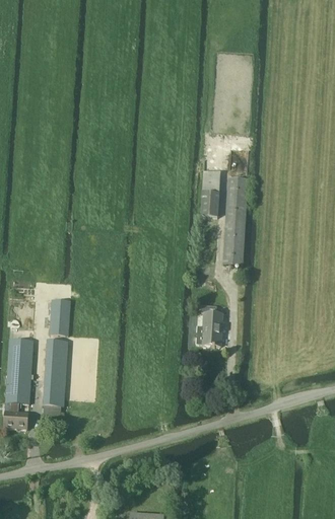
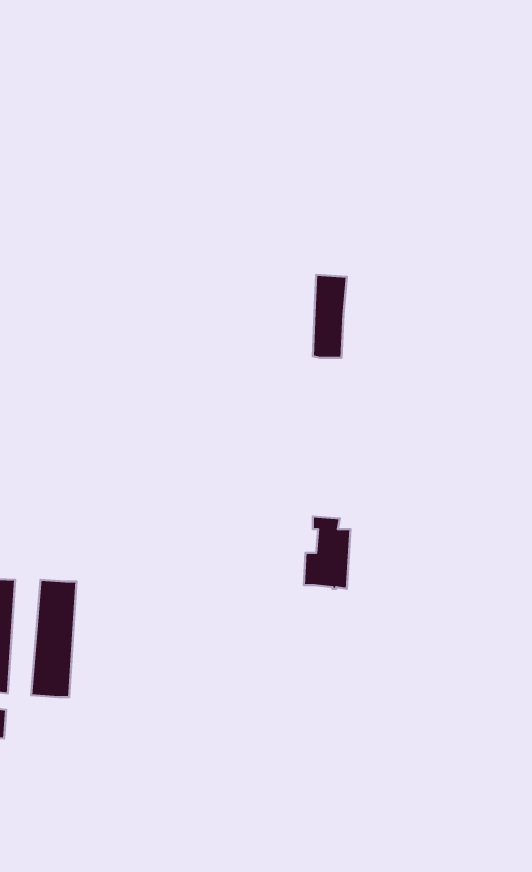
building: [223,175,247,264] -> none
building: [51,299,71,333] -> none

